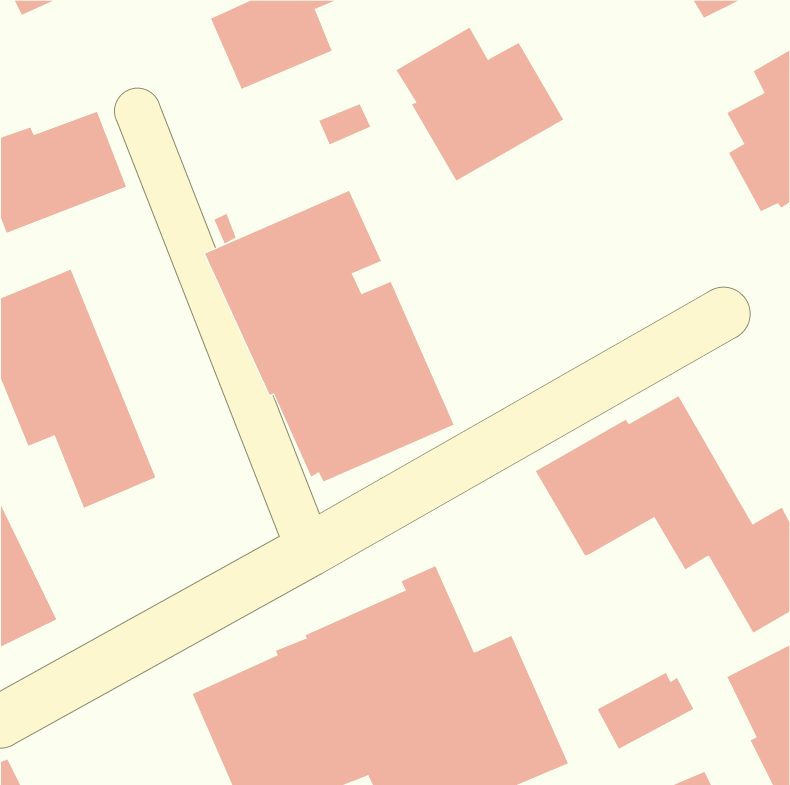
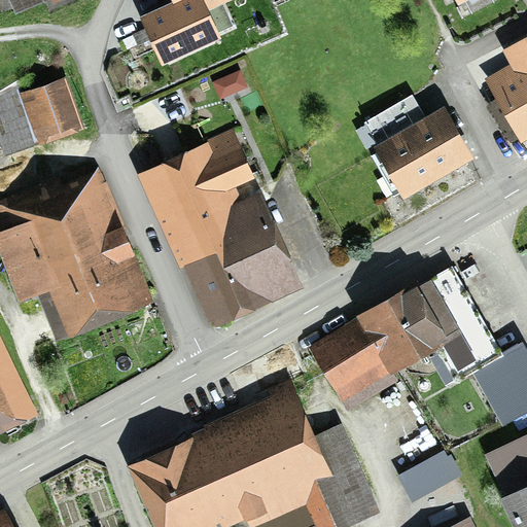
building: [396,27,564,181] -> [362,95,475,198]
building: none -> [47,169,151,321]
building: none -> [307,317,397,412]

